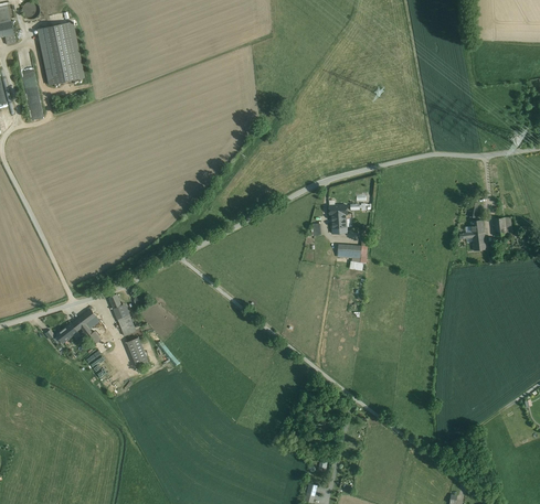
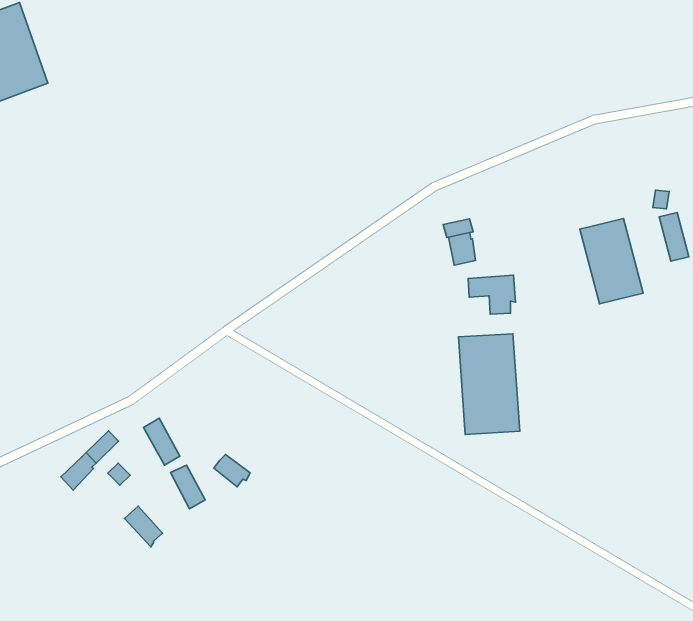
building: none -> [580,218,643,304]
building: none -> [458,334,520,434]

